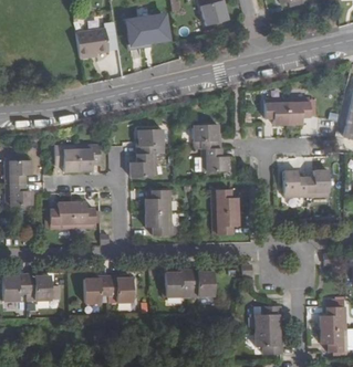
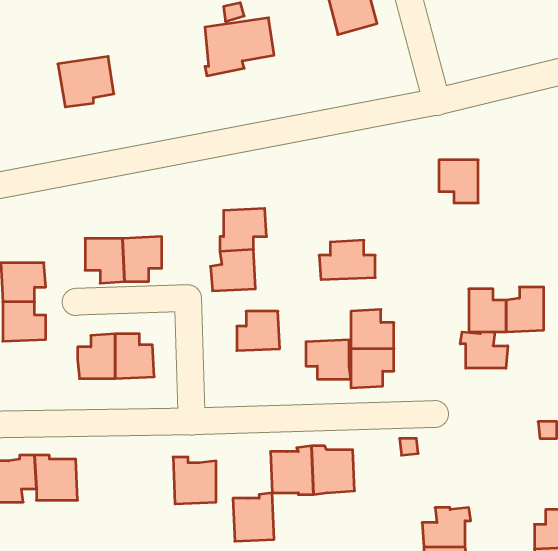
building: [75,29,108,59] -> [58,56,114,107]
building: [288,98,310,125] -> none
building: [193,123,220,148] -> none
building: none -> [460,332,508,368]
building: [145,211,172,234] -> [306,340,351,379]
building: [84,275,108,304] -> [233,493,274,541]

